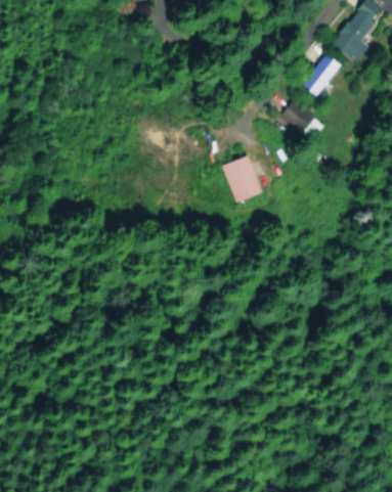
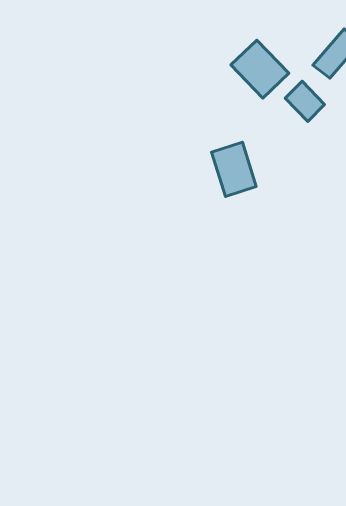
building: none -> [231,40,289,98]

